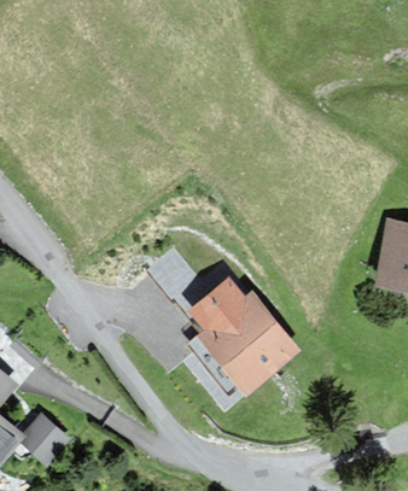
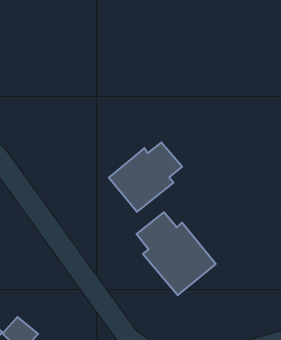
building: none -> [109,142,182,212]

